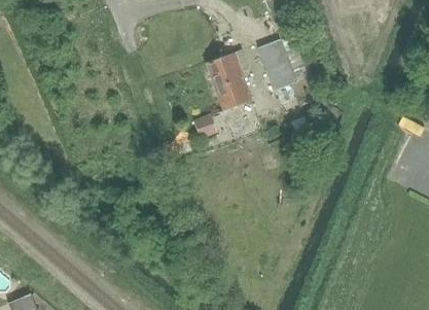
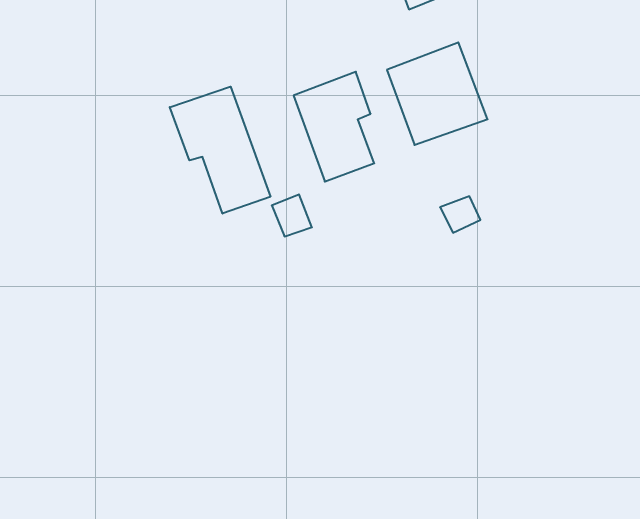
building: none -> [170,87,270,214]

